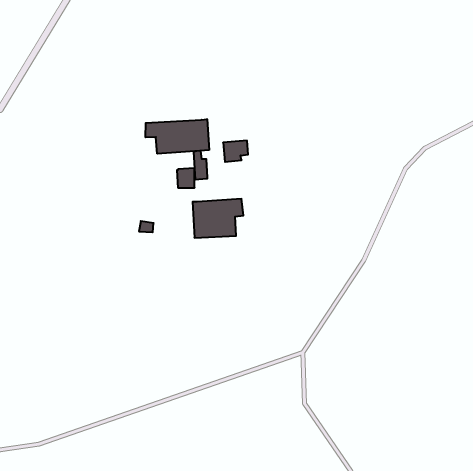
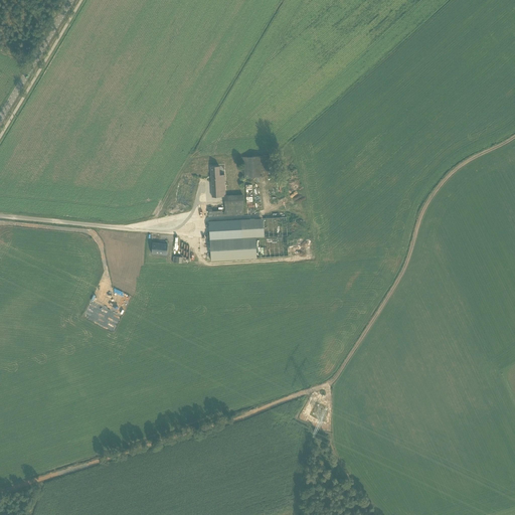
building: [146,119,209,154] -> none
building: [177,168,195,188] -> [224,192,243,213]

